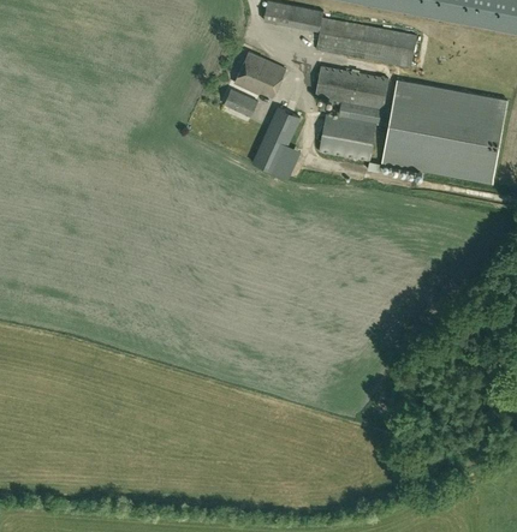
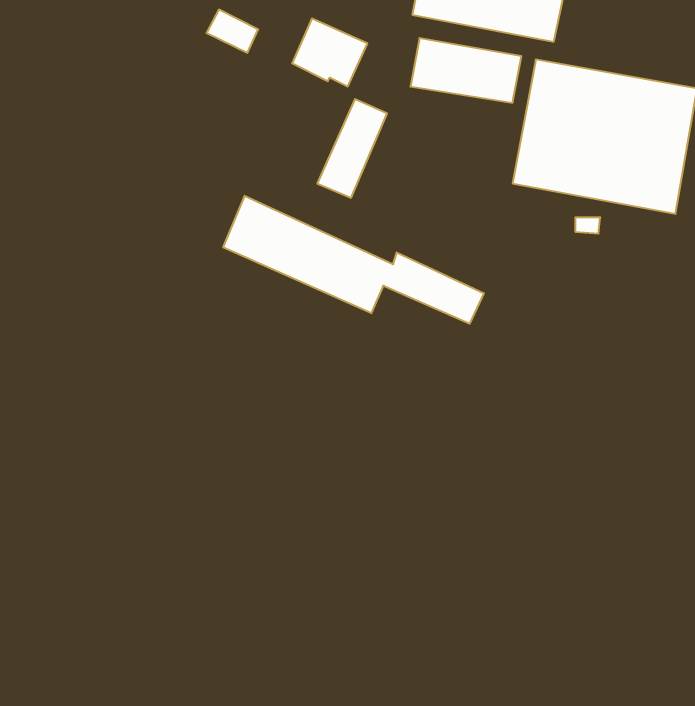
building: [224,89,258,118] -> [206,10,258,53]
building: [320,114,376,160] -> none
building: none -> [223,196,484,324]

